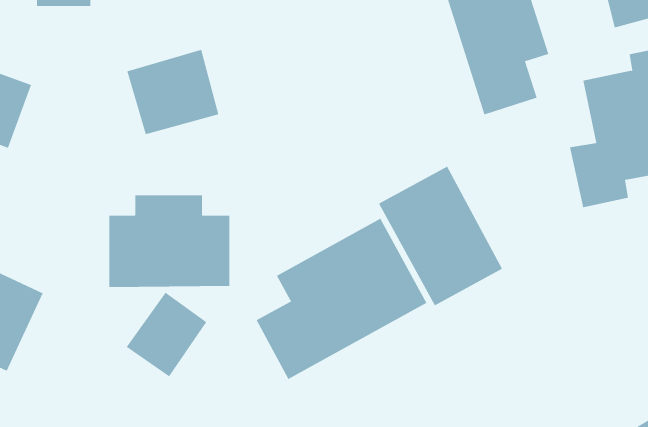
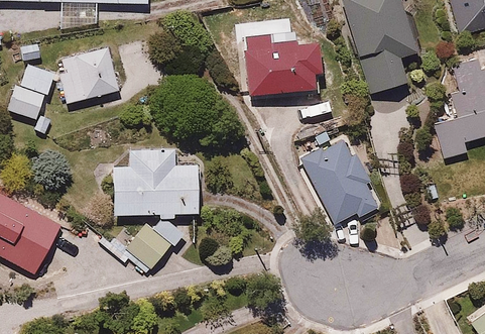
building: none -> [241,31,325,95]
building: [126,49,219,135] -> [54,45,119,105]
building: [256,218,427,380] -> none

